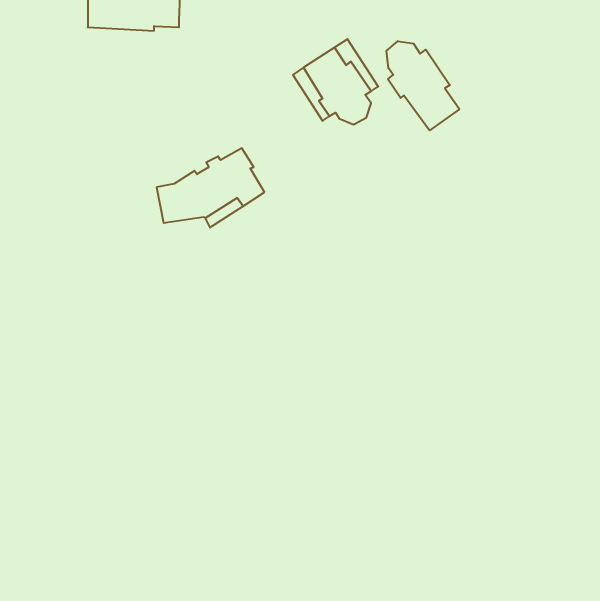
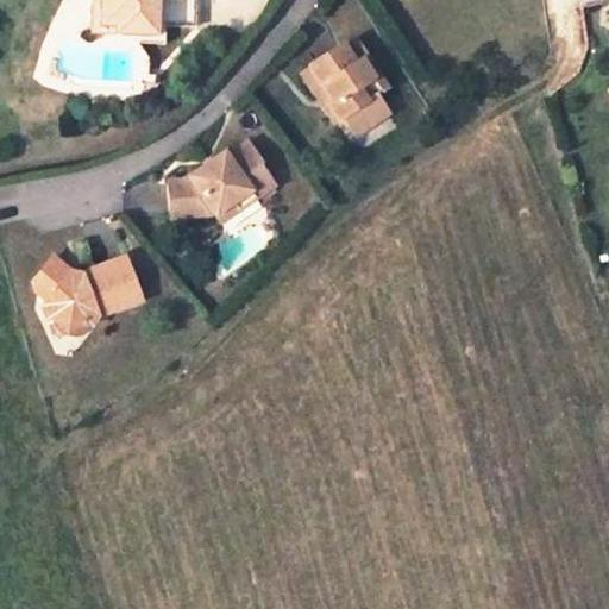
building: [387,41,459,130] -> none
building: none -> [34,251,143,329]

